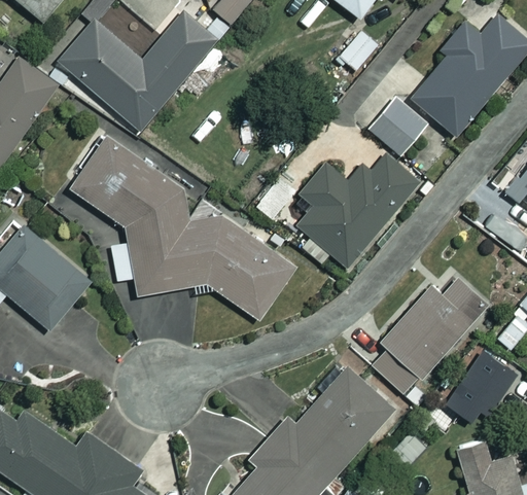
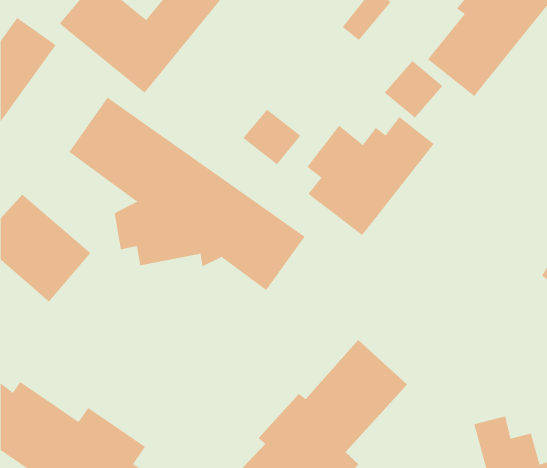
building: none -> [243,109,301,165]
building: [372,278,486,393] -> none
building: [452,348,516,415] -> none

